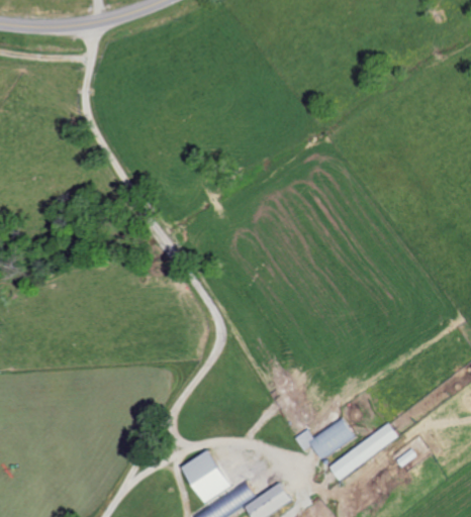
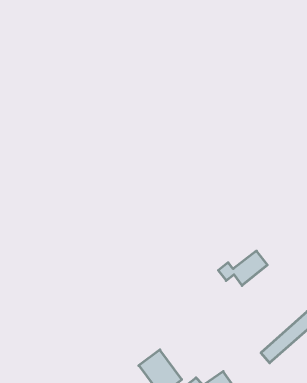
building: [293,419,353,458] -> [218,251,267,286]

